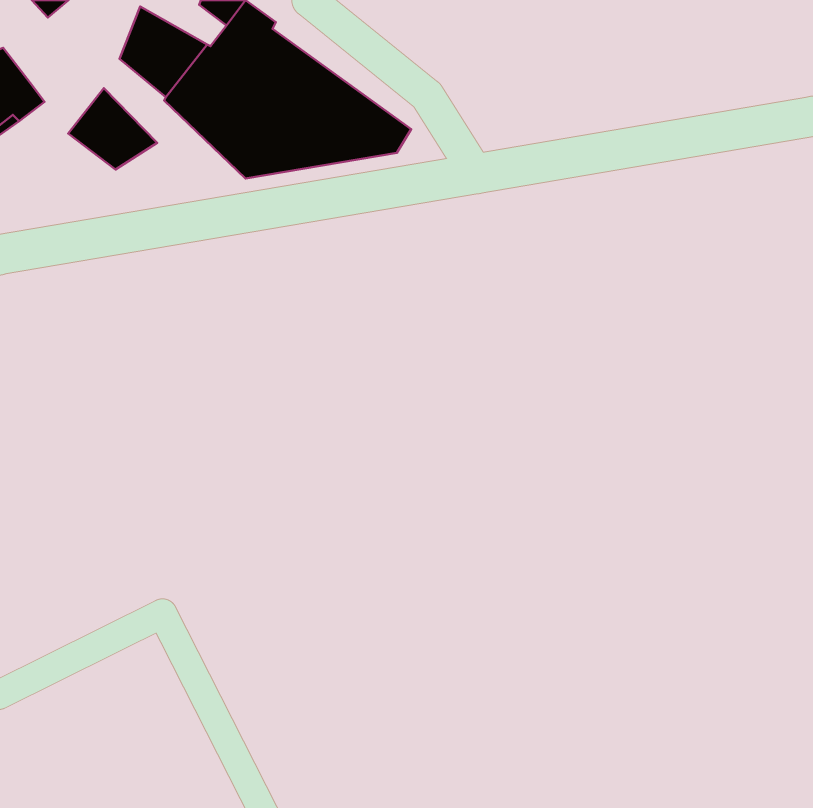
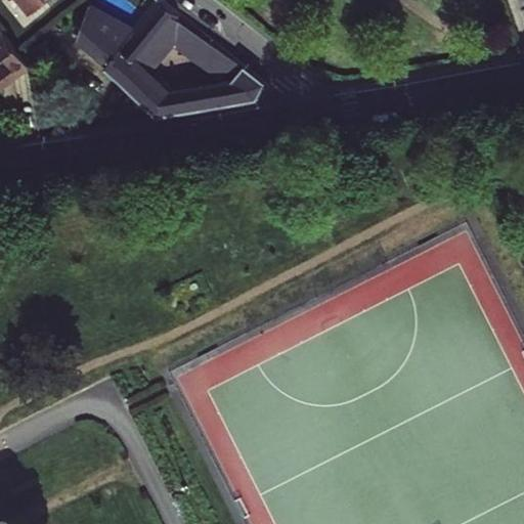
building: [68,88,157,169] -> none

